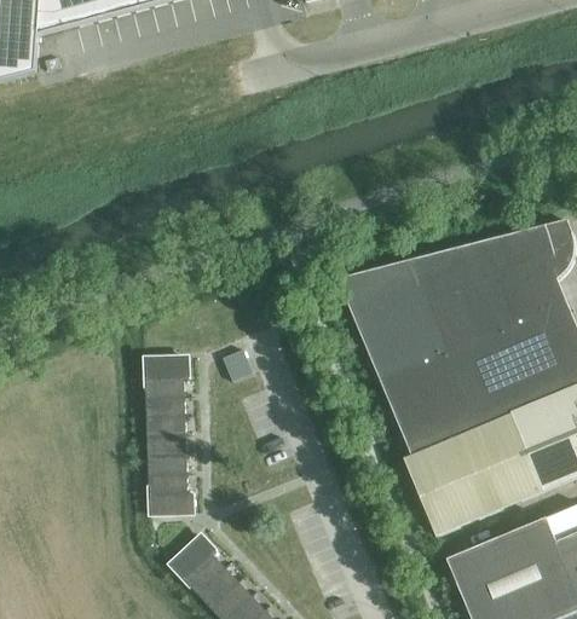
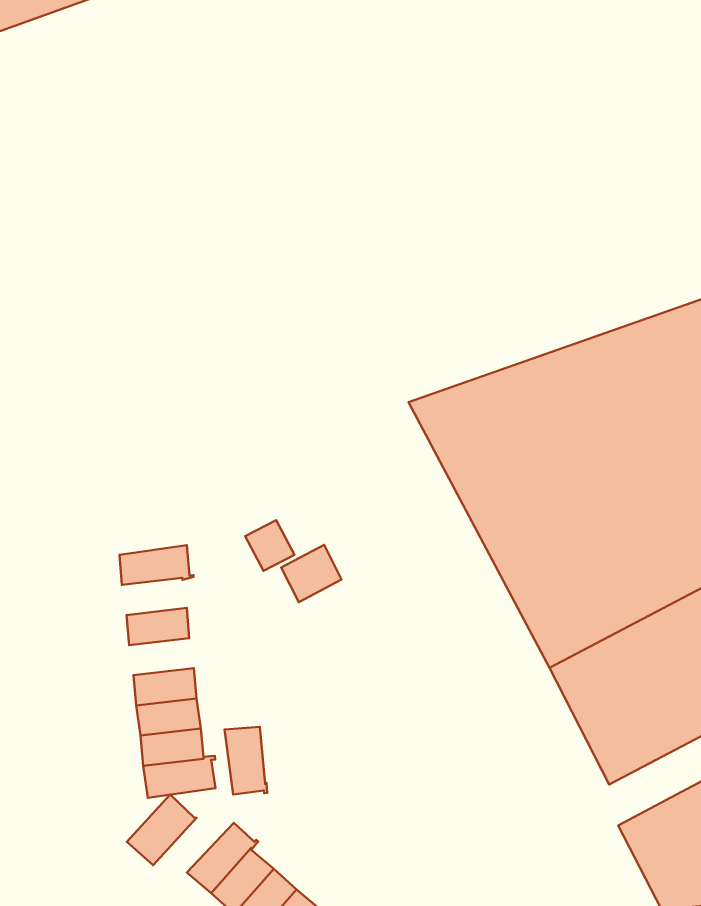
building: none -> [281,545,342,602]
building: [144,377,184,398] -> none
building: [145,416,185,436] -> none
building: none -> [225,727,267,794]
building: none -> [127,795,197,865]

